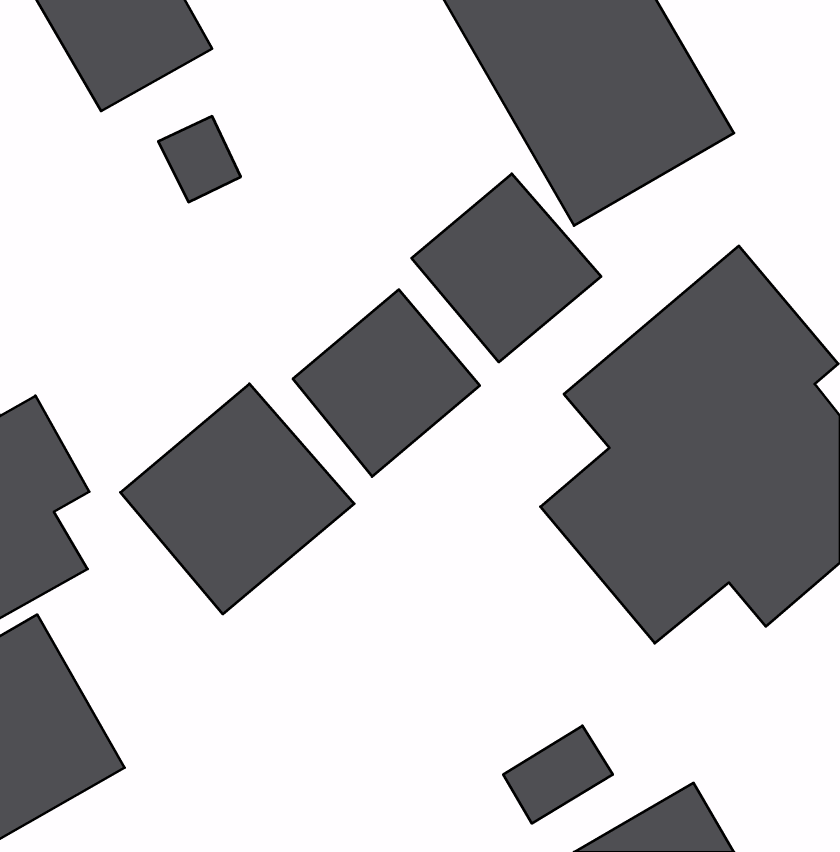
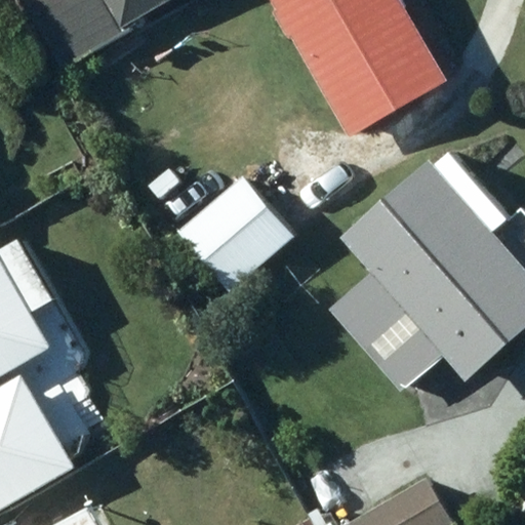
building: [412,174,601,362] -> none
building: [120,384,354,614] -> none

